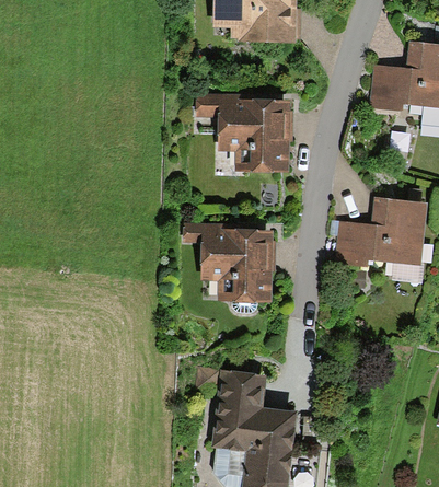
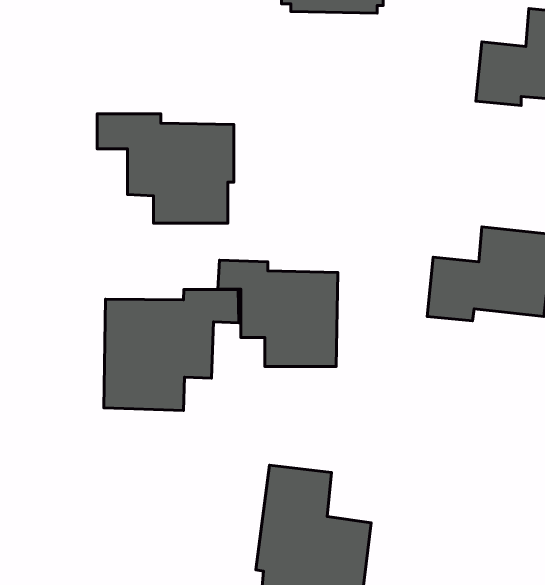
building: [196,92,294,171] -> [97,114,234,223]
building: none -> [104,289,239,410]

